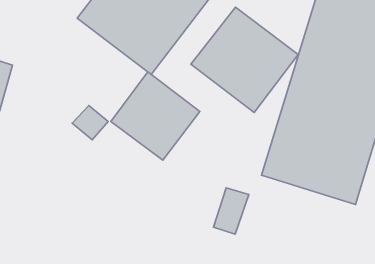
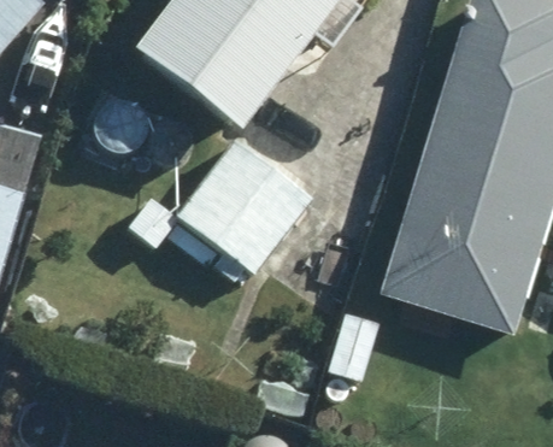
building: [191,7,298,113] -> none

